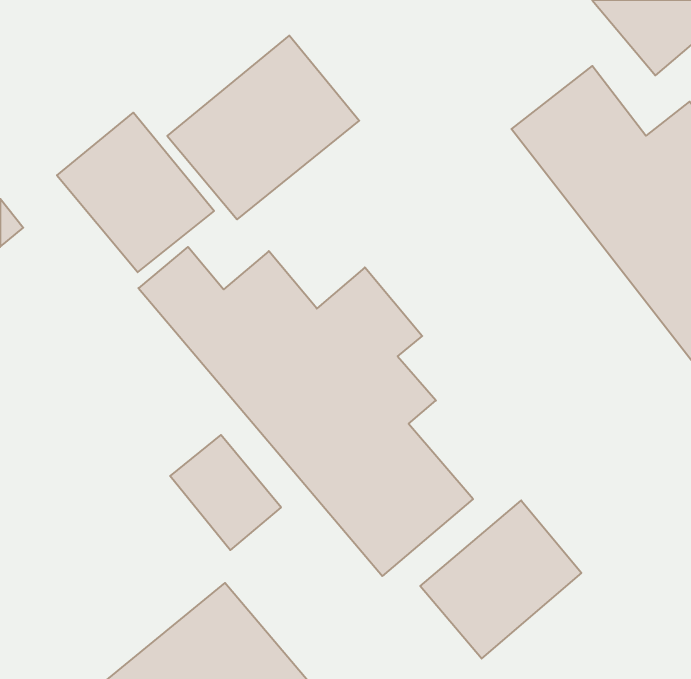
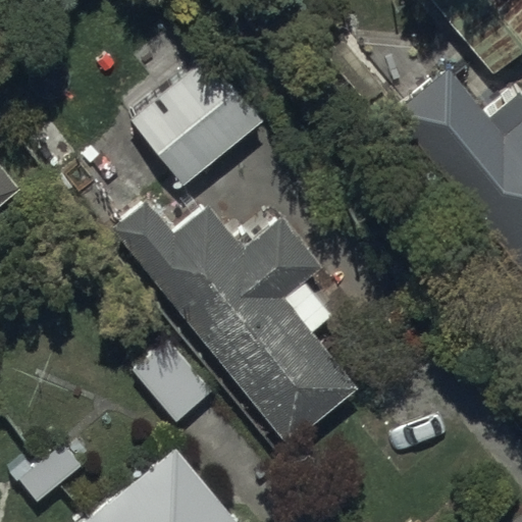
building: [57,113,214,272] -> none
building: [420,500,581,659] -> none

